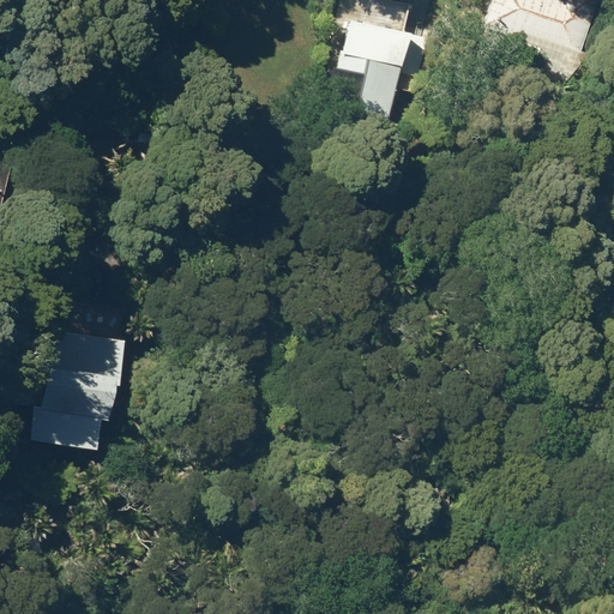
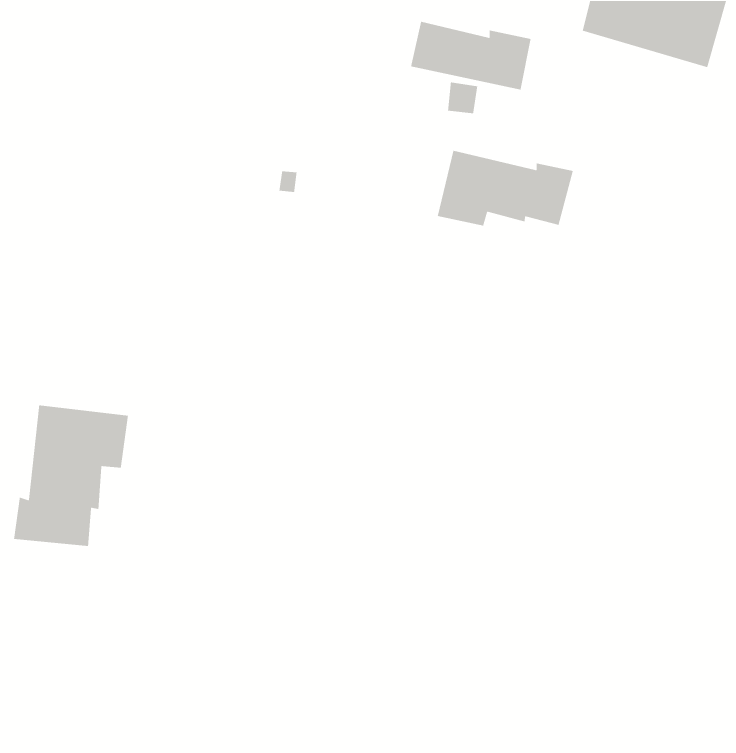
building: none -> [437,150,574,226]

